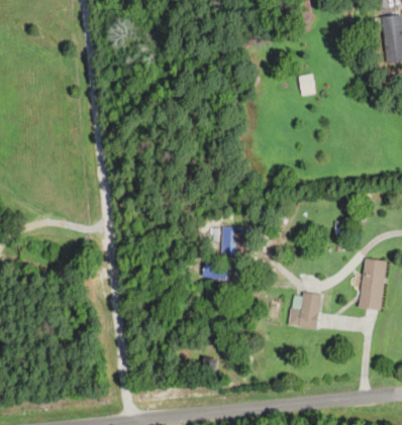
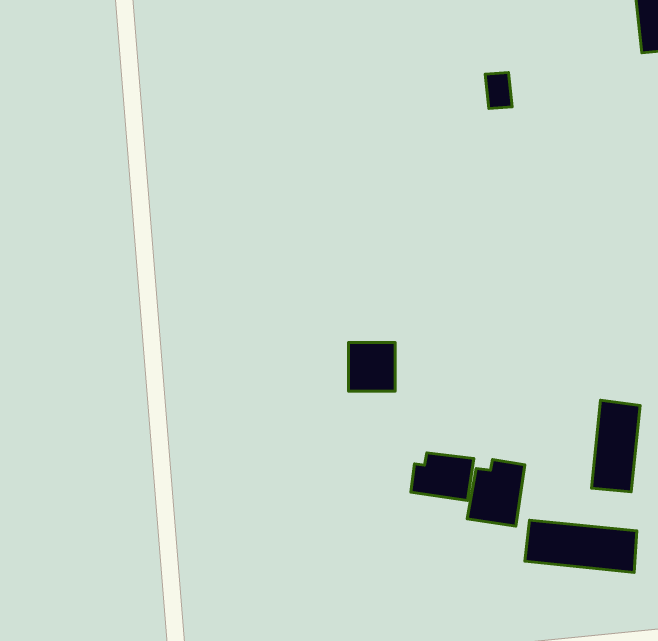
building: none -> [411,453,474,500]
building: none -> [525,520,637,572]

